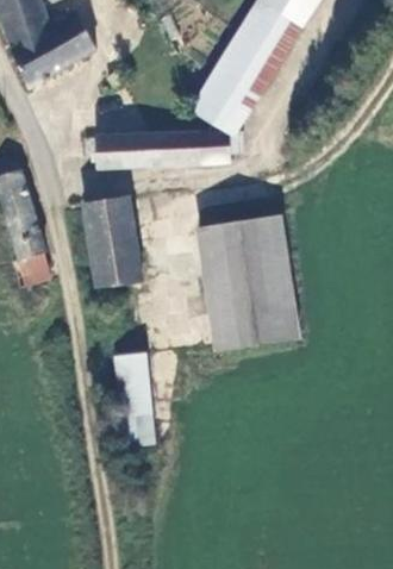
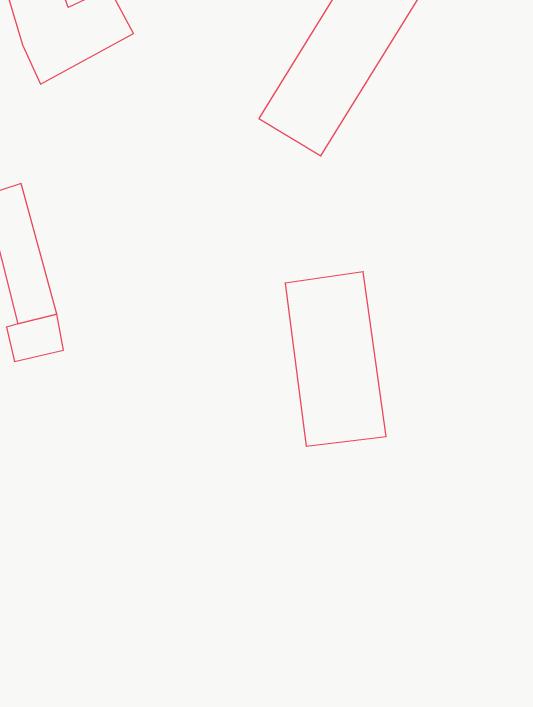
building: [96,133,249,169] -> none
building: [80,194,139,282] -> none
building: [114,350,157,448] -> none

